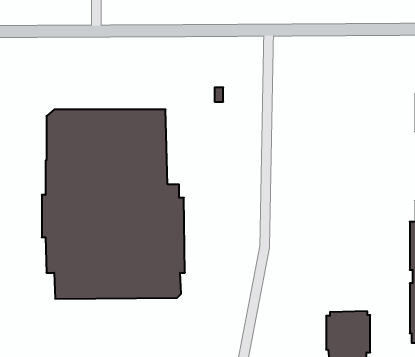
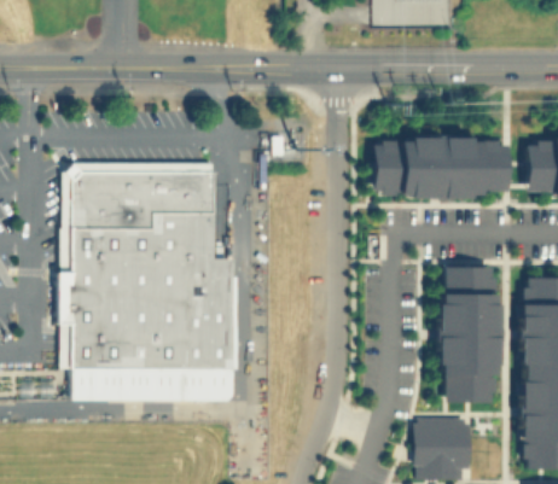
building: none -> [373,136,508,199]
building: none -> [438,267,500,402]

